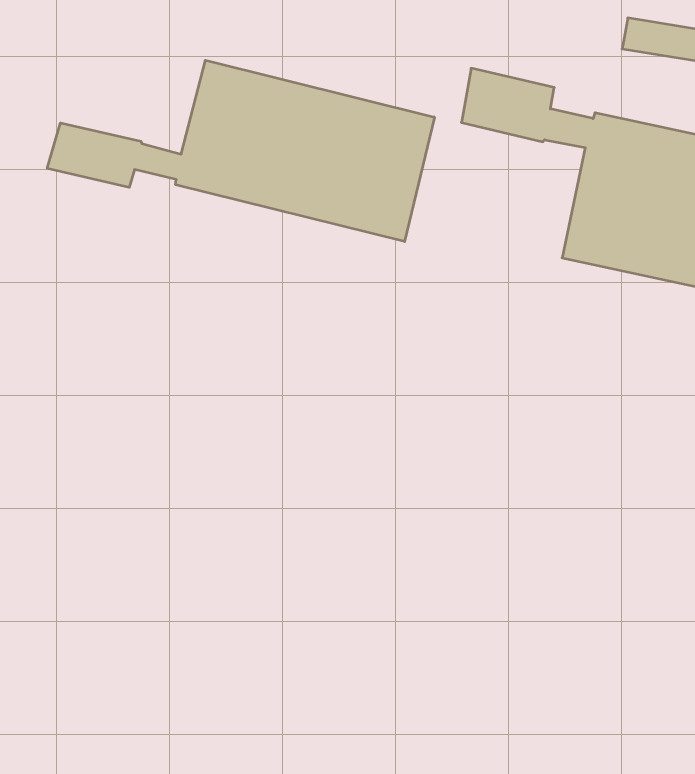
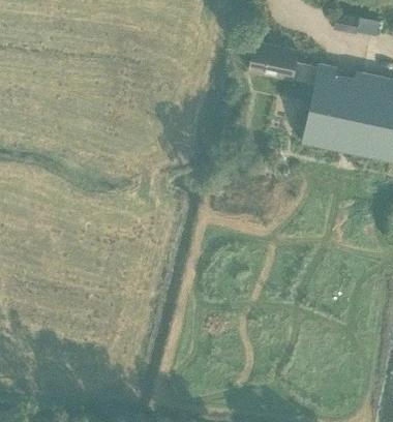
building: [47,60,434,242] -> none

